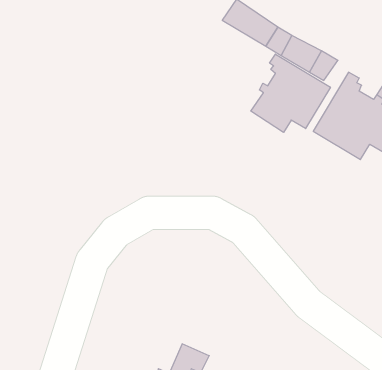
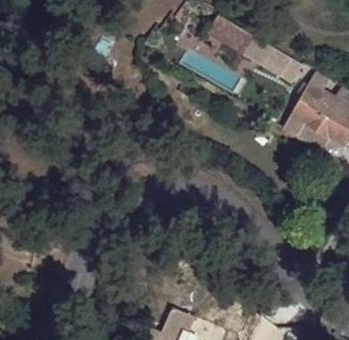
building: [251,54,330,132] -> none

